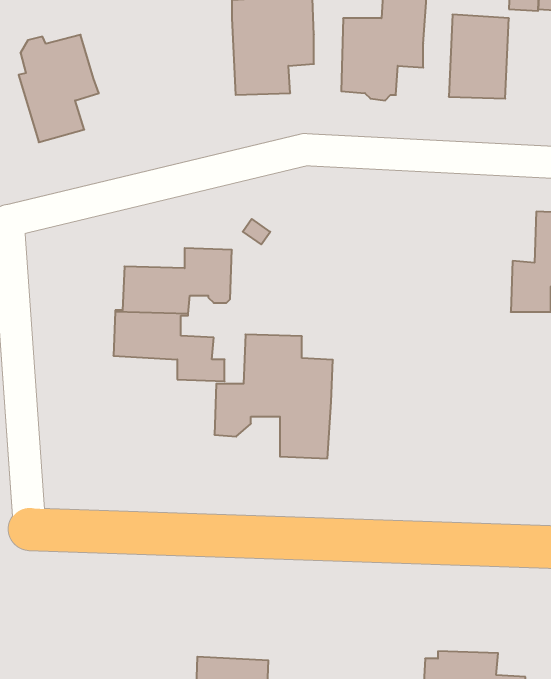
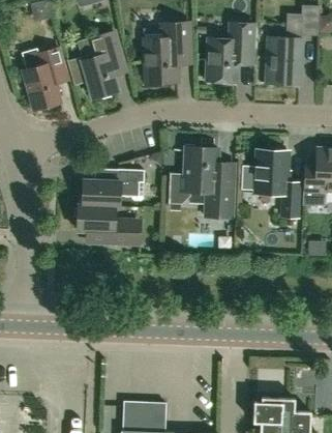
building: none -> [66,32,126,98]
building: none -> [241,149,299,216]
building: [214,334,333,458] -> [168,147,235,218]

